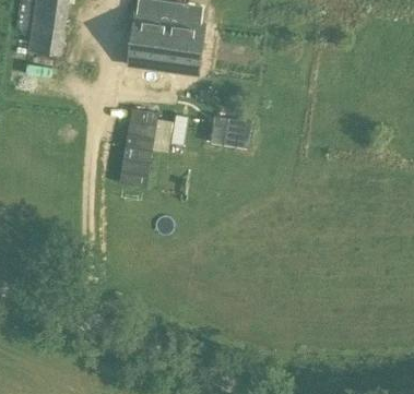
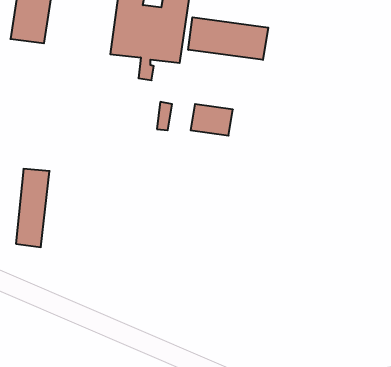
building: none -> [188,17,268,60]
building: [123,106,157,184] -> [16,169,50,247]

